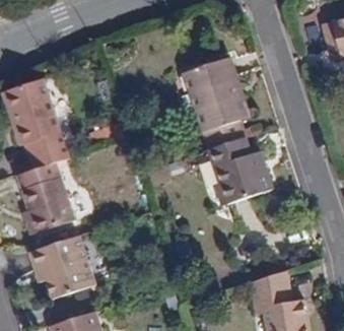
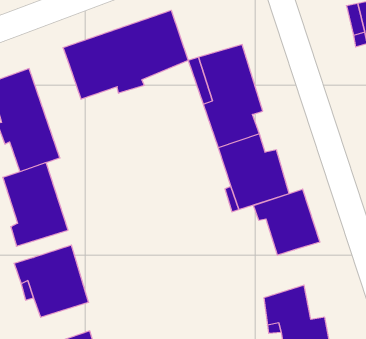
building: none -> [63,10,188,99]
building: none -> [253,189,320,255]

